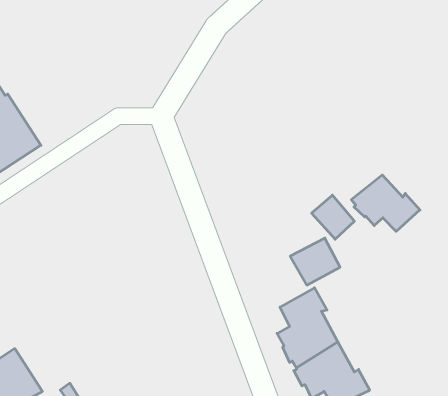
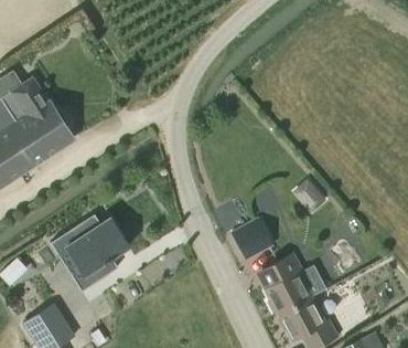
building: [351,175,420,231] -> none
building: none -> [50,213,129,285]
building: [290,238,340,285] -> [234,221,273,259]

